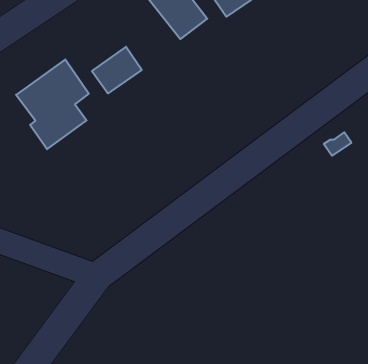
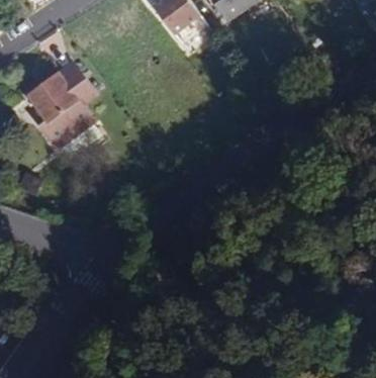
building: [92,47,142,93] -> none

